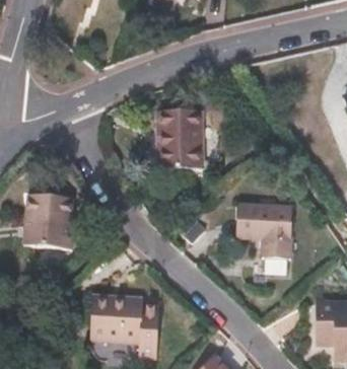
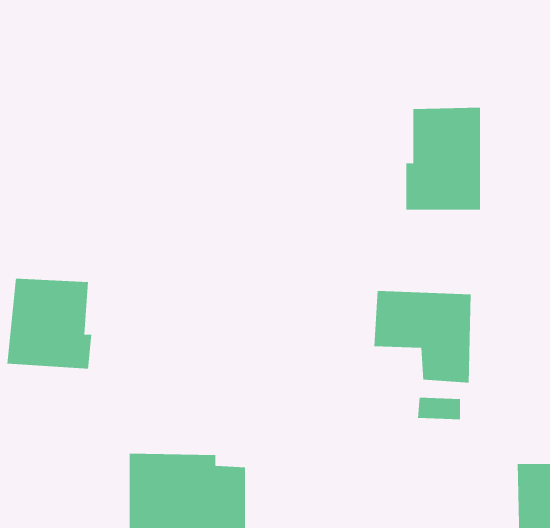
building: [156,108,200,168] -> [406,107,481,210]

